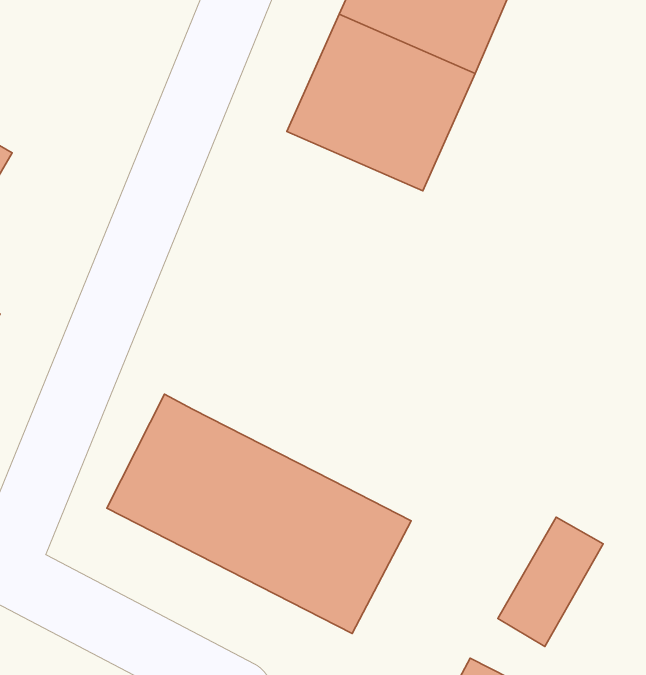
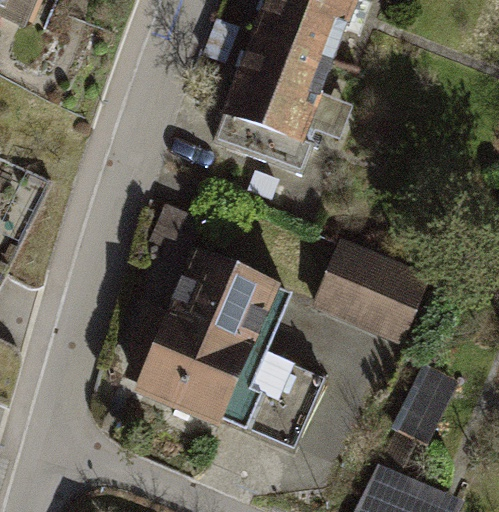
building: none -> [163,247,289,350]
building: none -> [315,241,432,344]

